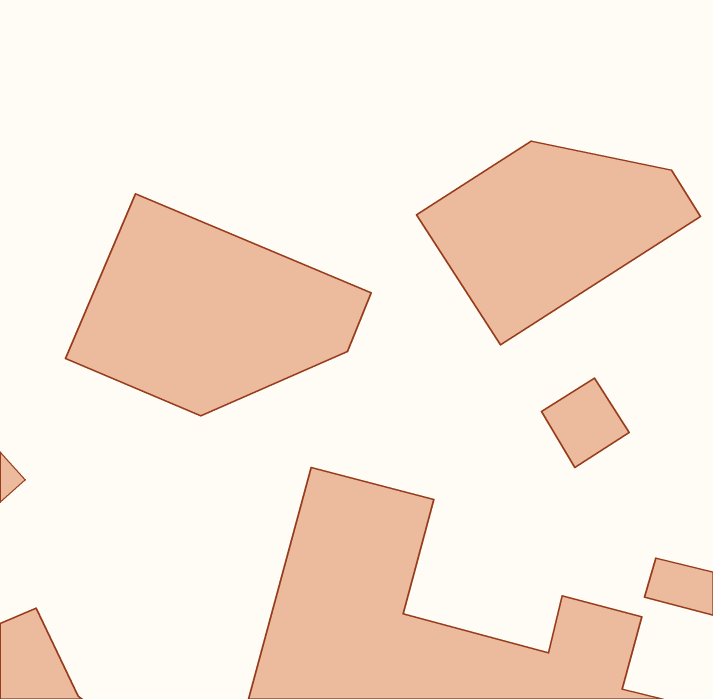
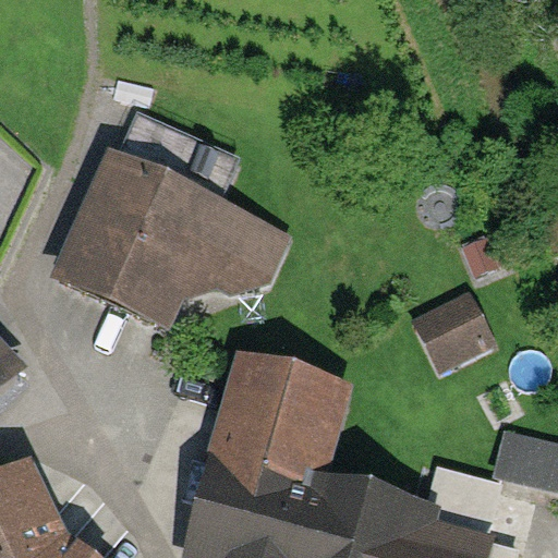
building: [417,141,700,345] -> none

